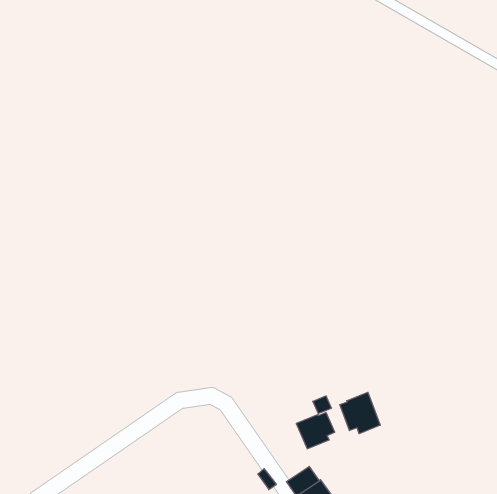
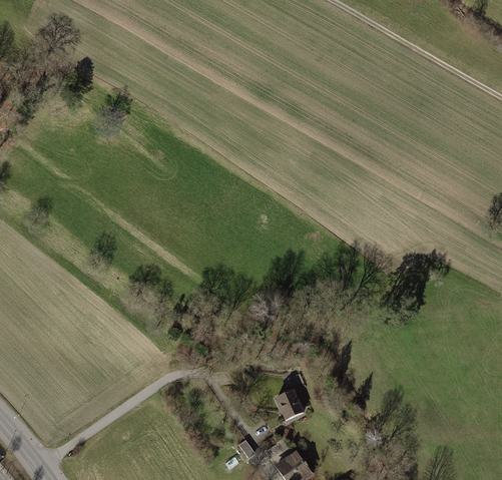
building: [340,392,380,434] -> none

